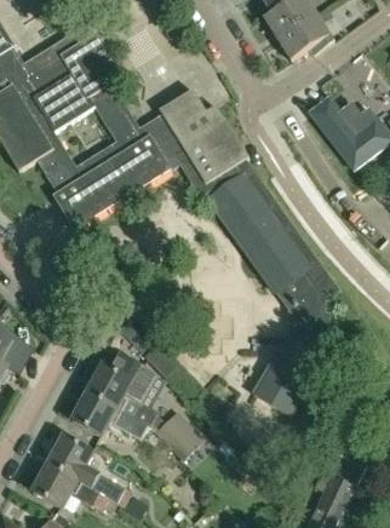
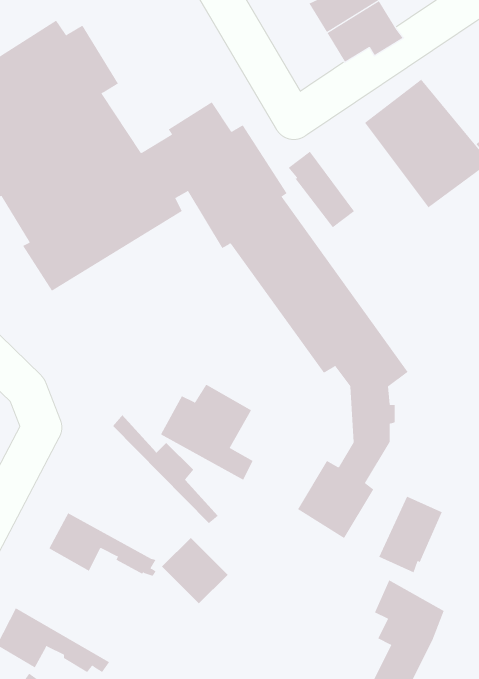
building: none -> [288,151,355,228]
building: [85,355,154,426] -> [160,384,253,480]
building: none -> [378,496,442,573]
building: [46,435,124,503] -> none

